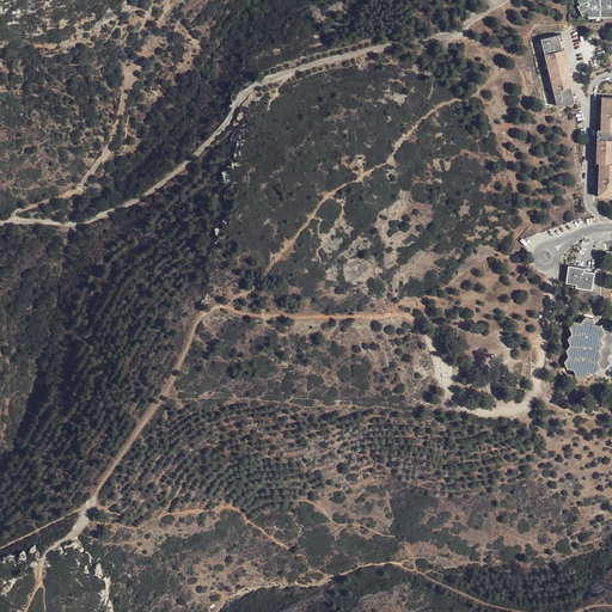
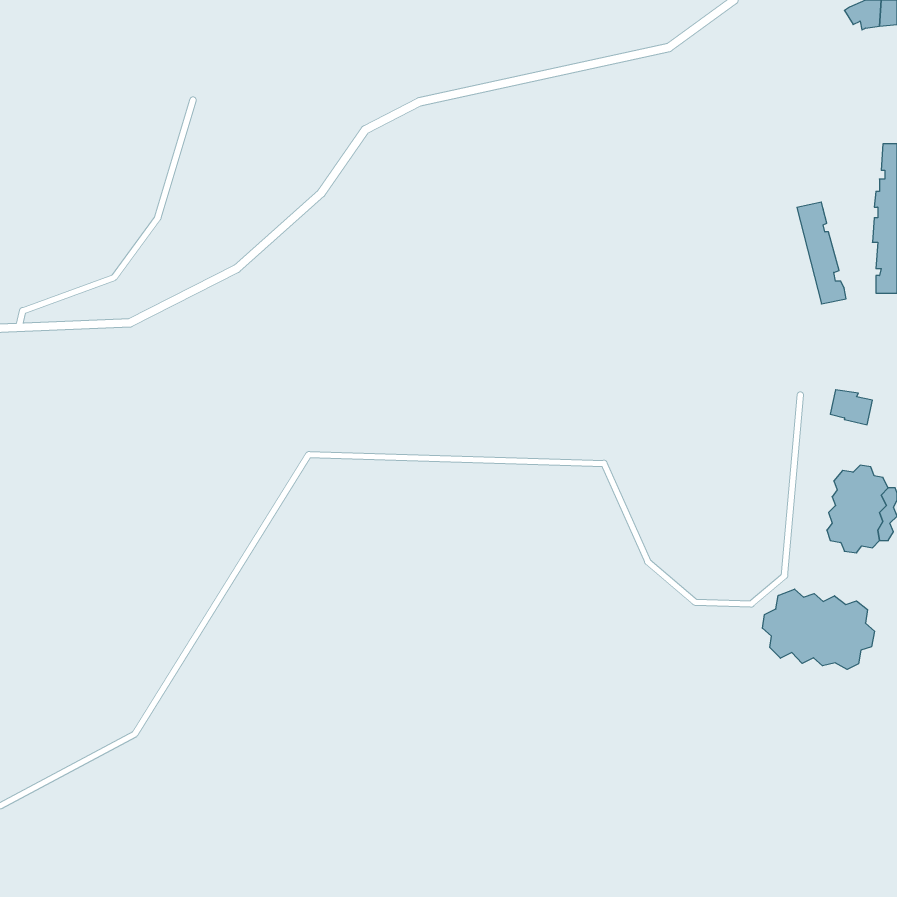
building: [544,36,577,105] -> [797,202,846,304]
building: none -> [762,589,874,669]

